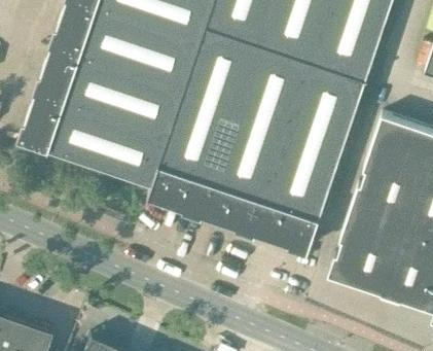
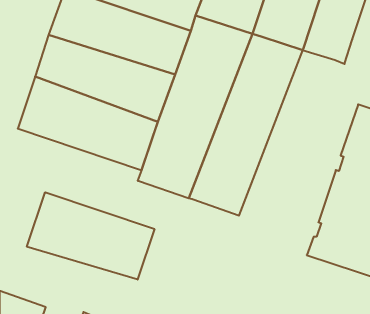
building: [255,60,367,252] -> none
building: none -> [27,192,154,280]

